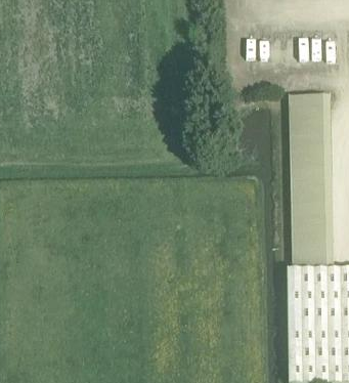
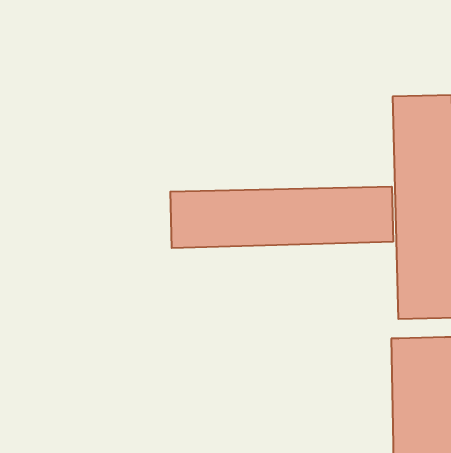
building: none -> [170,187,393,248]

